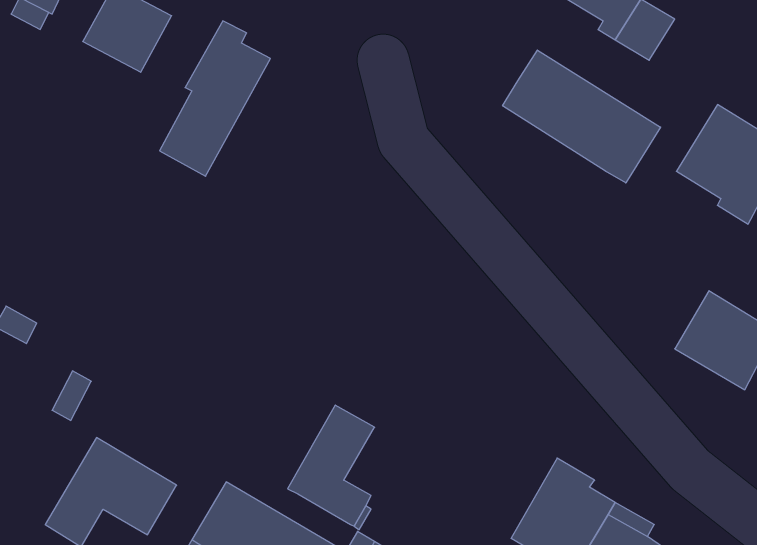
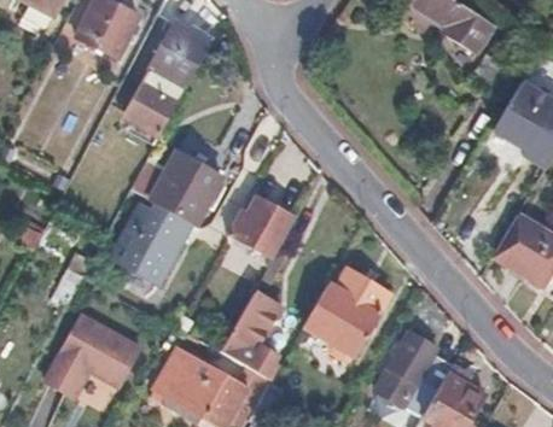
building: [503,50,661,183] -> none
building: none -> [107,152,222,286]
building: none -> [229,198,295,259]
building: none -> [305,267,391,355]

